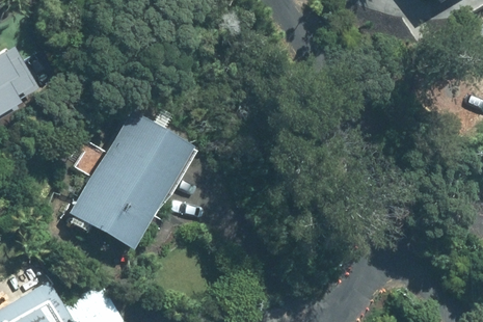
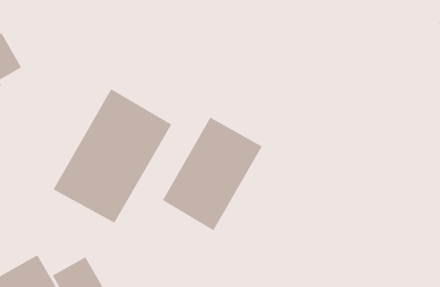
building: none -> [162,117,263,231]

